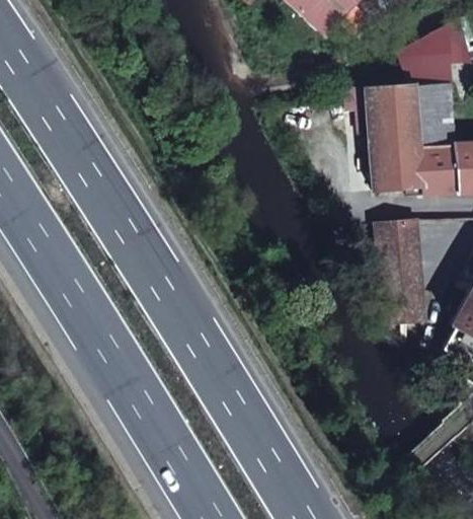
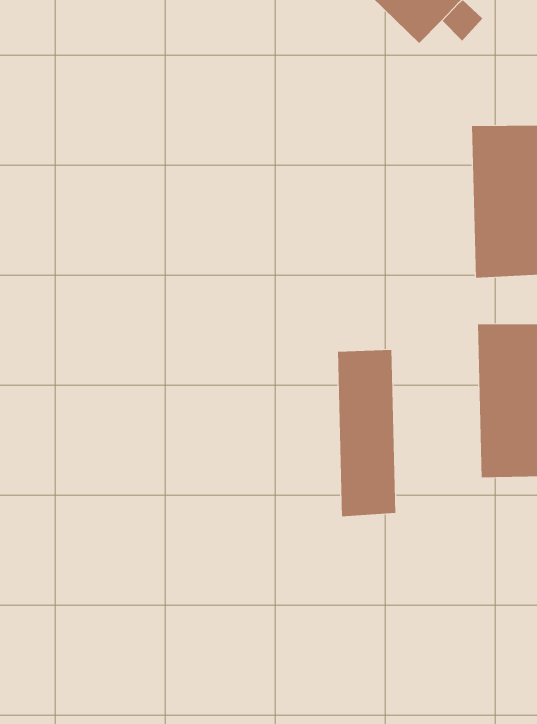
building: none -> [337,349,396,517]

